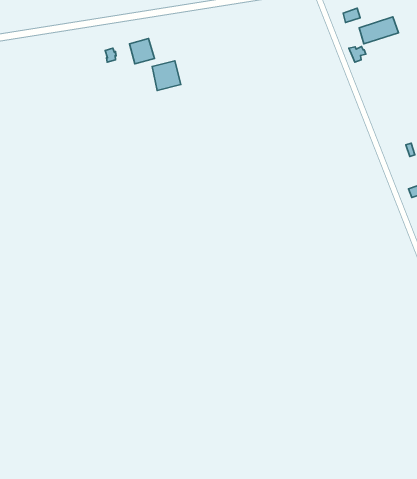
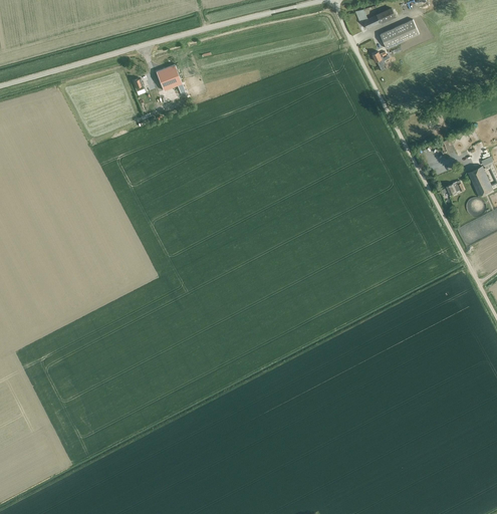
building: [152,61,181,91] -> none

